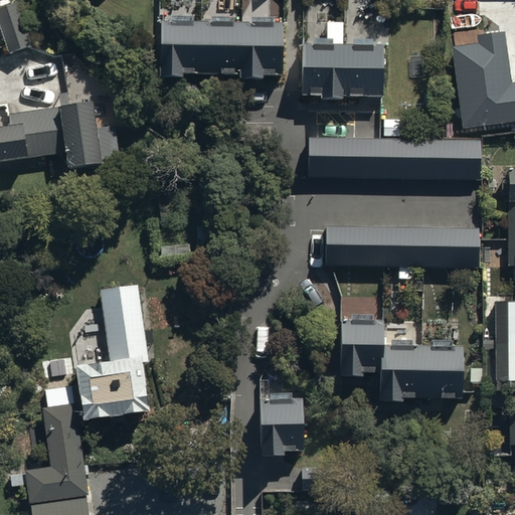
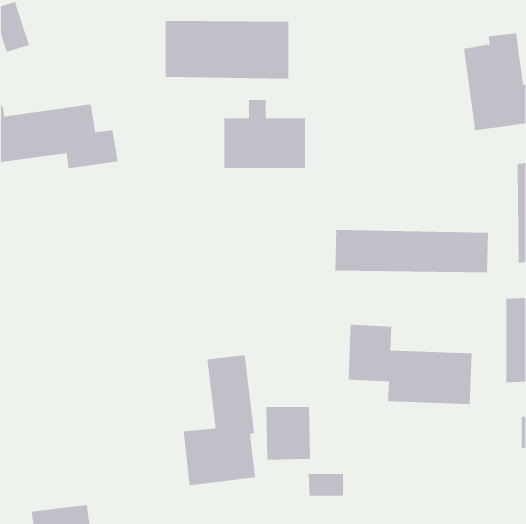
building: [304,30,384,98] -> [223,99,306,168]
building: [307,118,480,175] -> none
building: [77,289,149,416] -> [183,355,256,486]
building: [24,383,88,498] -> none

